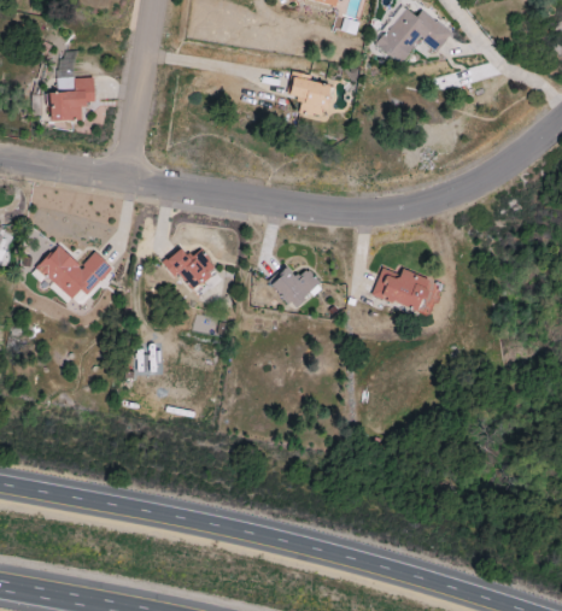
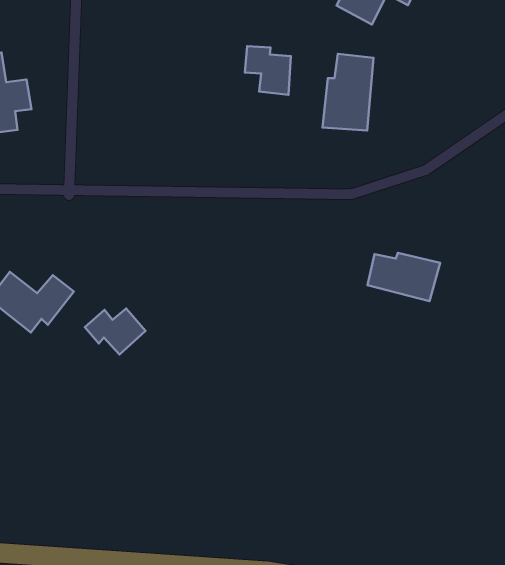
building: none -> [323,54,374,130]
building: [164,248,217,289] -> [85,309,145,355]
building: [271,268,322,307] -> none

